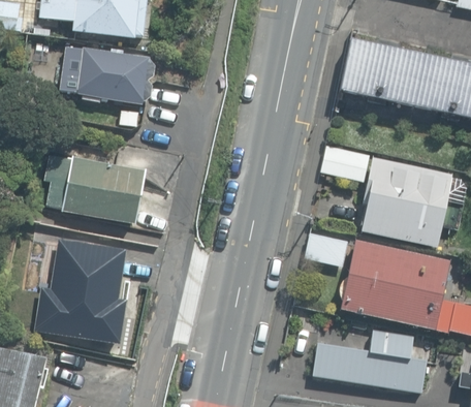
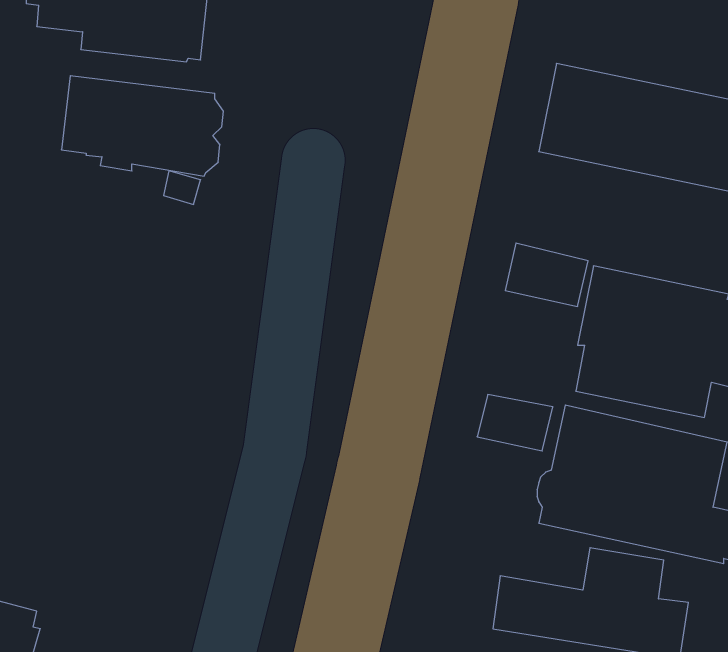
building: [45,154,147,224] -> none
building: [33,239,125,344] -> none

